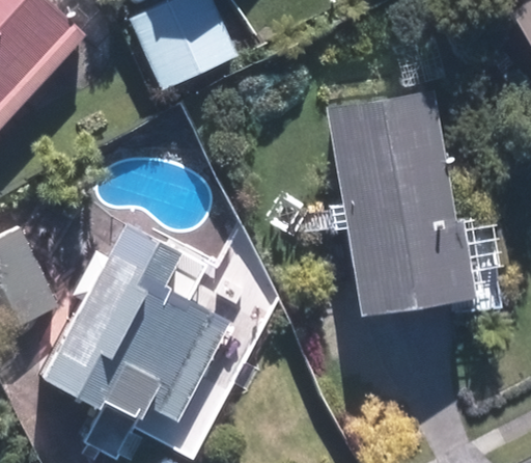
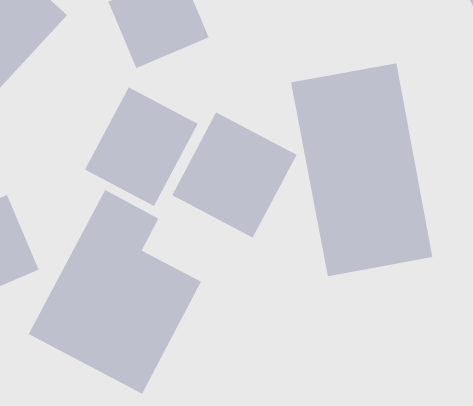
building: none -> [84,87,198,207]
building: none -> [171,111,297,239]

